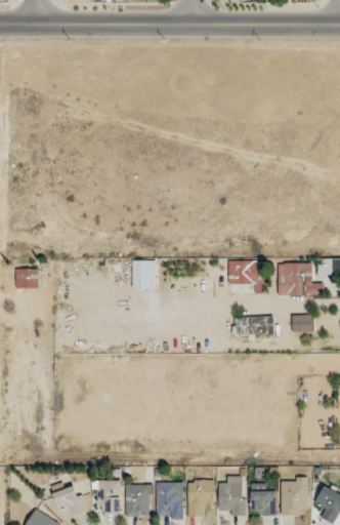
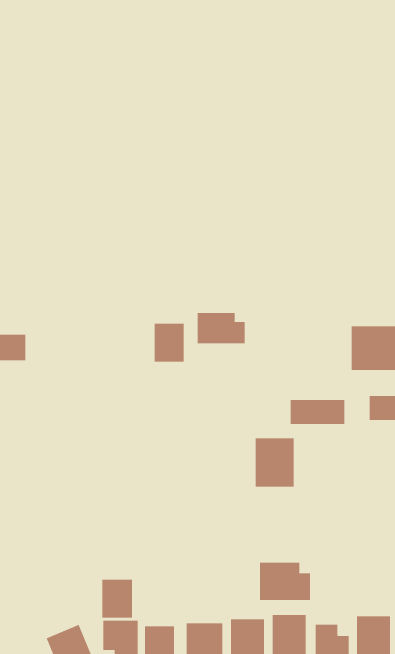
building: none -> [197,312,245,344]
building: [228,260,259,284] -> none
building: none -> [255,437,294,488]
building: none -> [260,562,310,601]
building: none -> [102,579,132,618]

